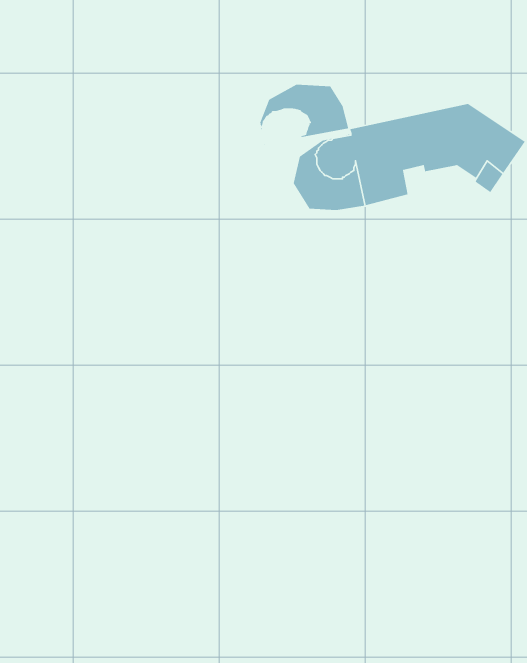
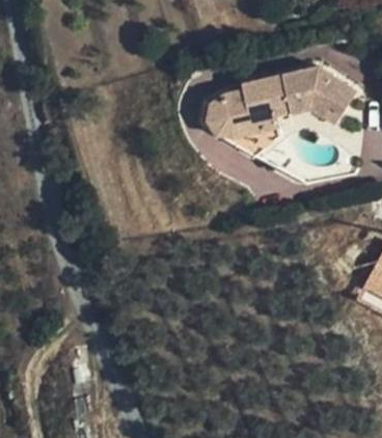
building: [259,84,349,146] -> none

